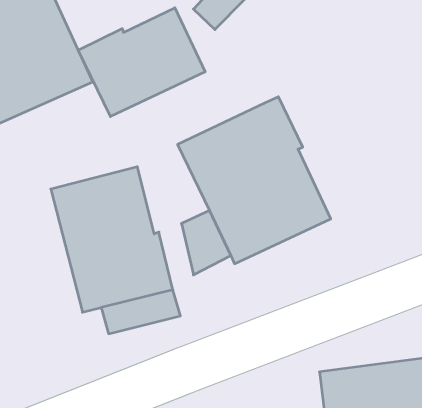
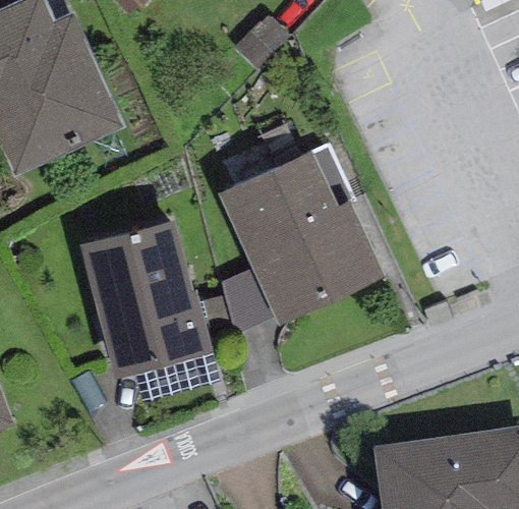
building: [78,8,205,117] -> none

